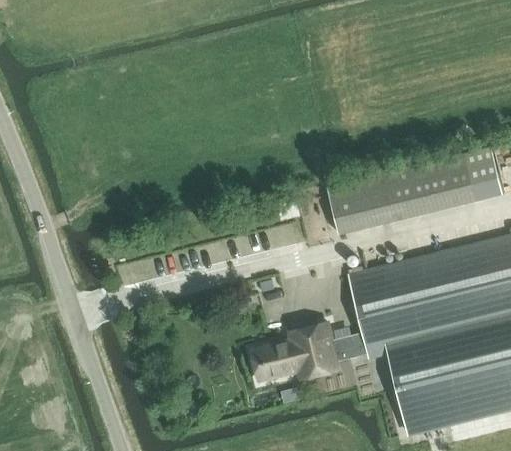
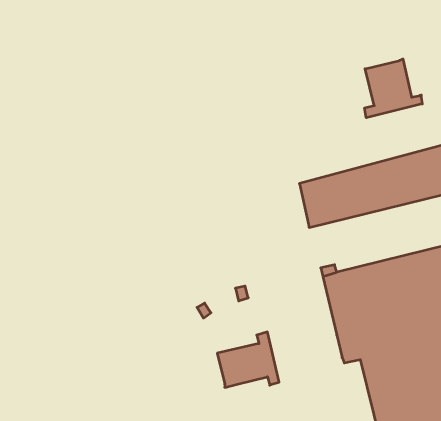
building: none -> [365,59,422,118]
building: [299,324,369,378] -> none

